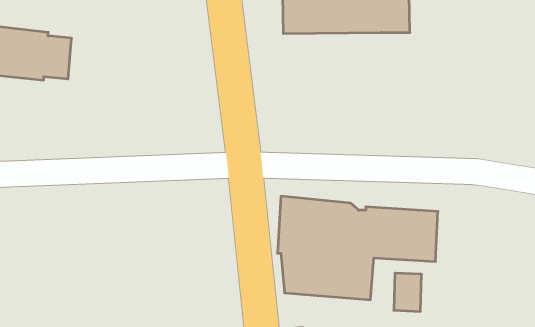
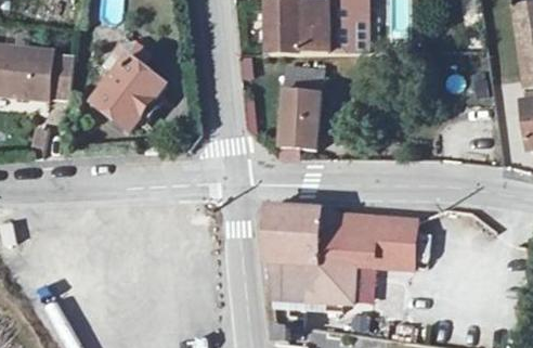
building: none -> [93,55,167,131]
building: none -> [278,66,324,159]

